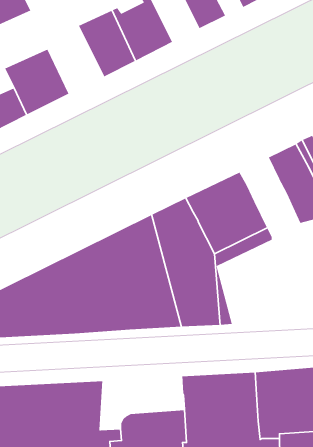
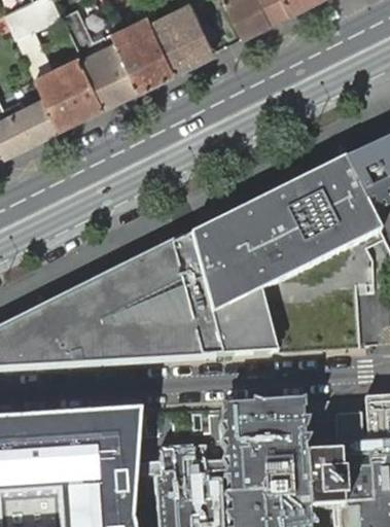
building: none -> [64,11,140,106]
building: none -> [285,173,350,261]

